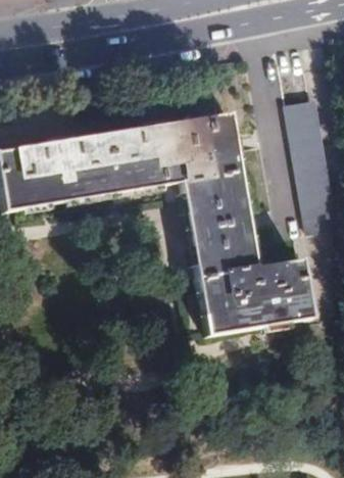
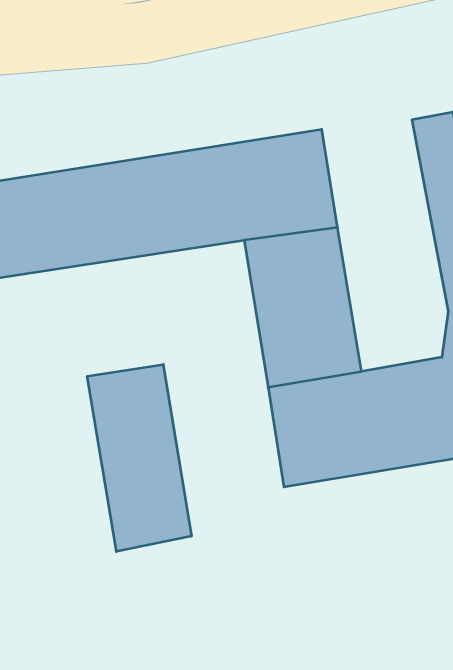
building: none -> [87,364,191,552]

